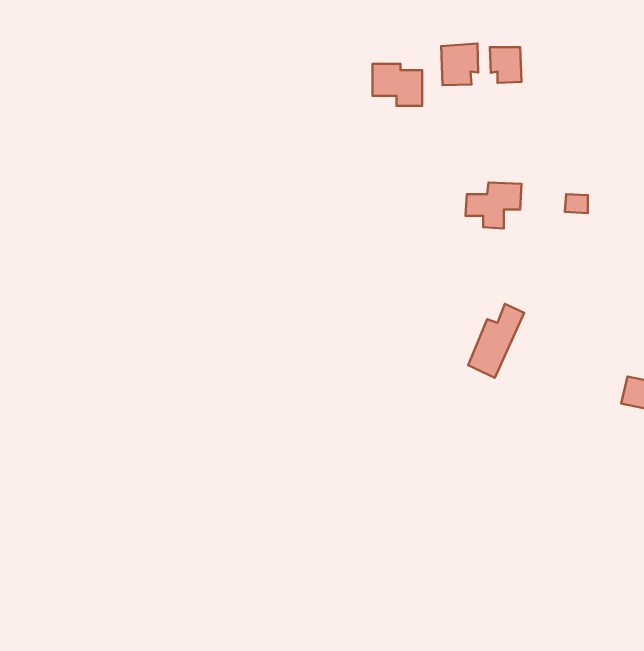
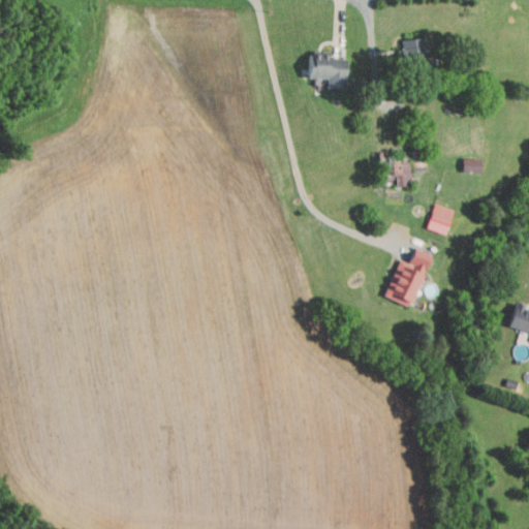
building: [441,44,478,85] -> none
building: none -> [429,204,456,236]

